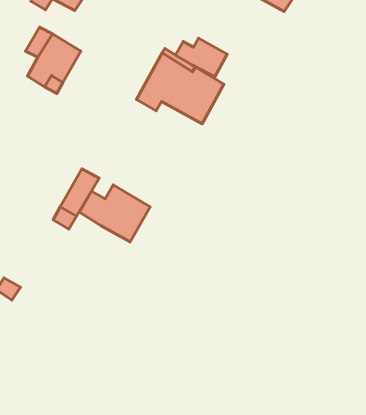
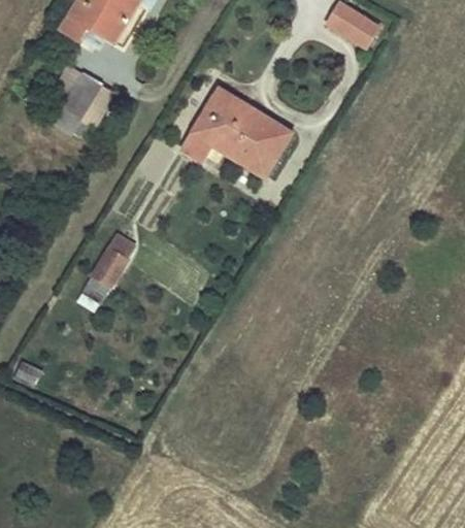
building: [176,38,227,77] -> none
building: [79,185,150,242] -> none

